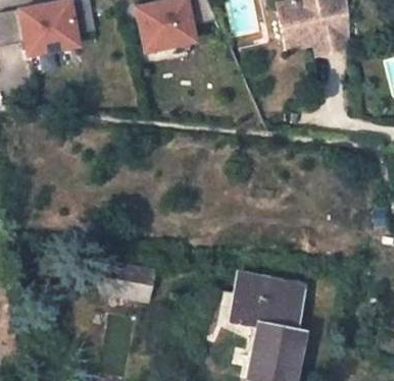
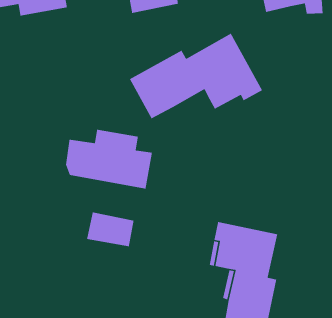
building: none -> [129,32,263,120]
building: none -> [65,129,153,189]

